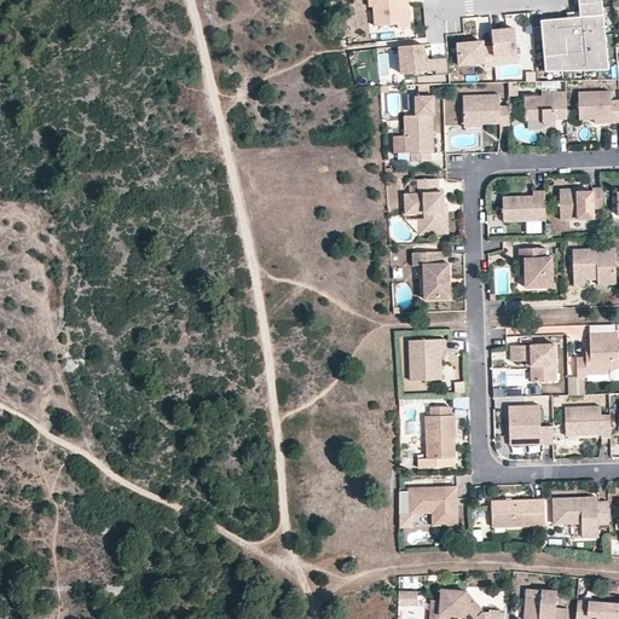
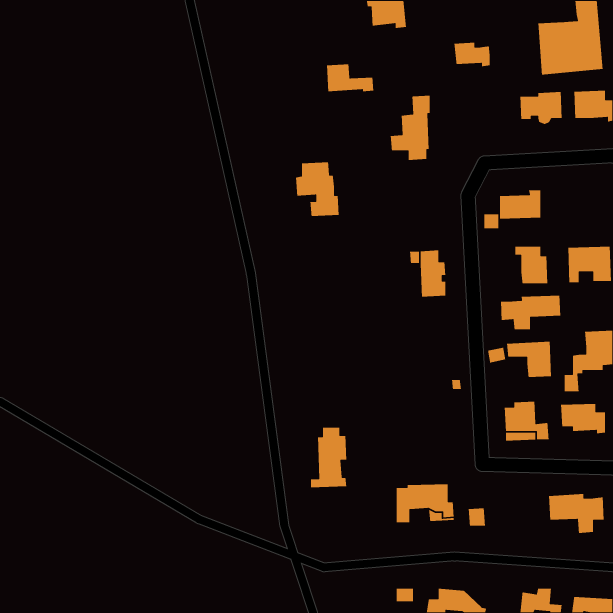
building: [492,29,517,56] -> none
building: [400,45,449,74] -> [326,64,374,92]
building: [463,94,510,126] -> none
building: [404,179,449,235] -> [295,162,340,217]
building: [559,187,603,220] -> none
building: none -> [500,295,561,330]
building: [409,339,445,381] -> none
building: [418,406,456,468] -> [310,427,347,488]
building: [491,499,545,534] -> none

